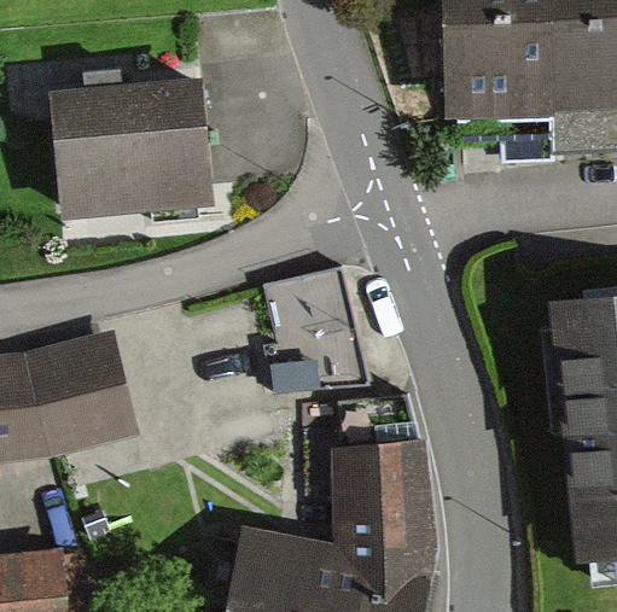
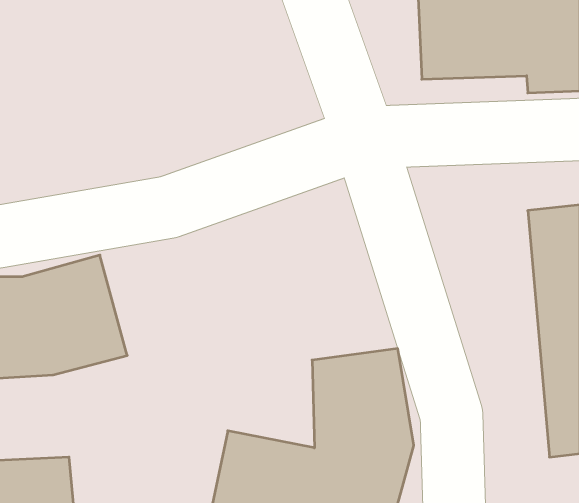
building: [51,72,214,210] -> none
building: [264,270,362,397] -> none

